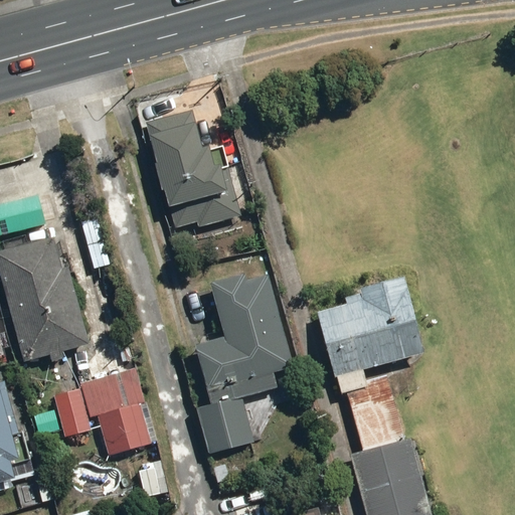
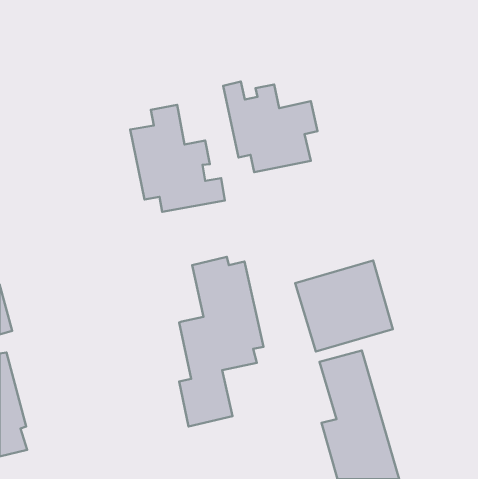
building: none -> [223,81,317,172]
building: [5,239,92,354] -> none
building: [57,365,159,459] -> none

